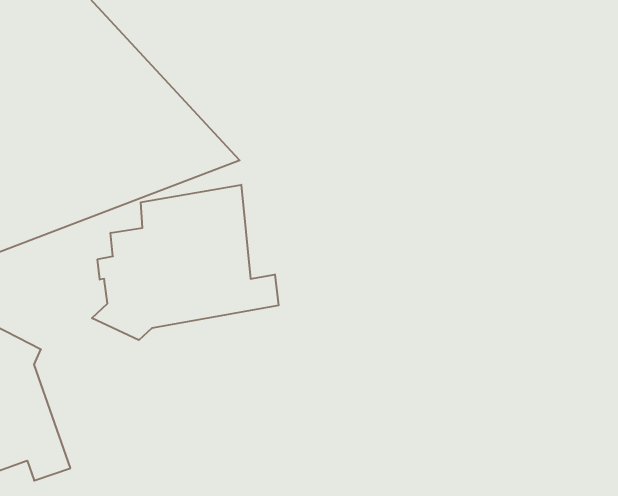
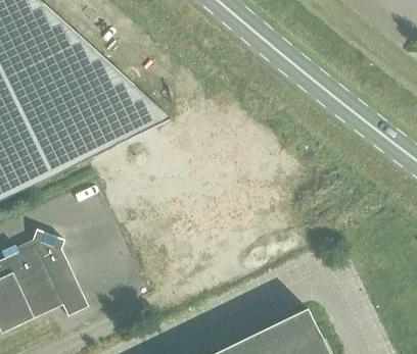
building: [92,185,279,340] -> none

